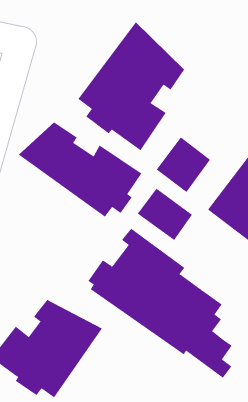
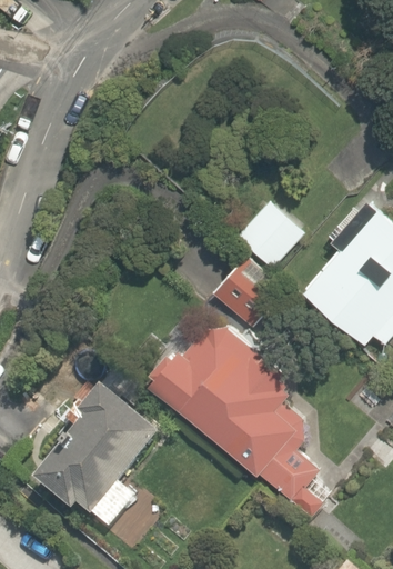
building: [78,21,185,151] -> none
building: [18,122,142,217] -> none

